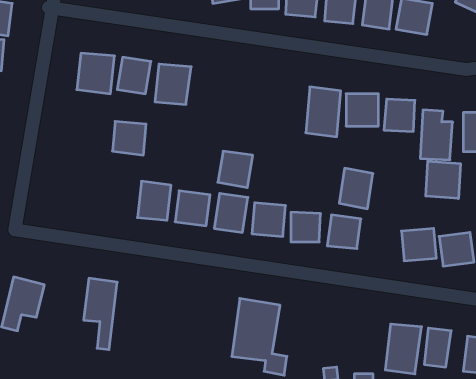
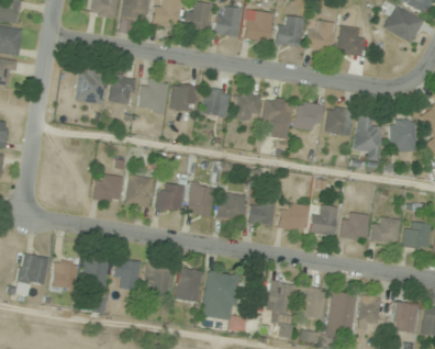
building: none -> [170,82,200,112]
building: none -> [234,92,260,121]
building: [112,121,146,155] -> [94,173,122,201]
building: [218,151,253,188] -> [202,88,231,117]
building: [426,161,460,199] -> none
building: [339,168,373,209] -> [311,203,338,236]
building: none -> [113,258,141,289]
building: none -> [52,259,79,291]
building: none -> [144,264,170,293]
building: none -> [176,268,201,300]
building: none -> [268,281,293,313]
building: none -> [298,286,325,318]

